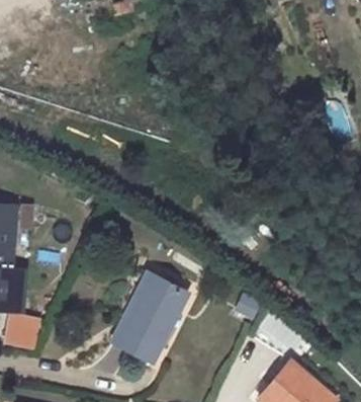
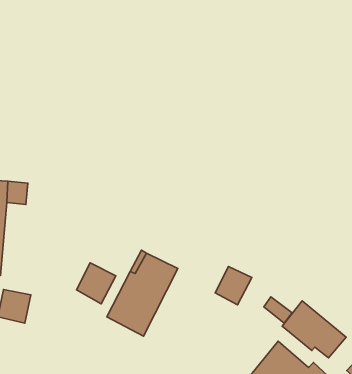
building: none -> [76,263,116,304]
building: none -> [282,301,346,358]

